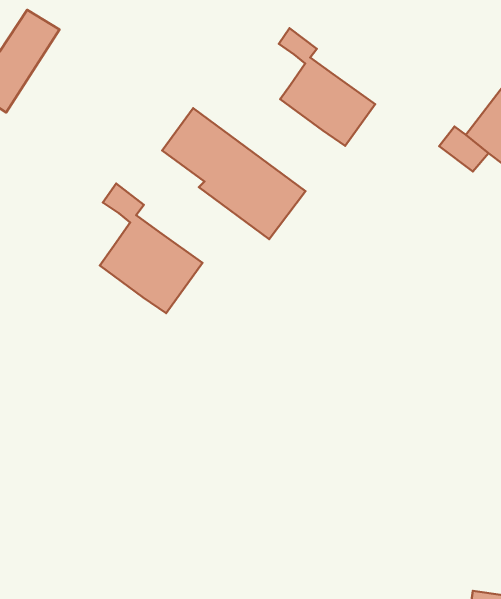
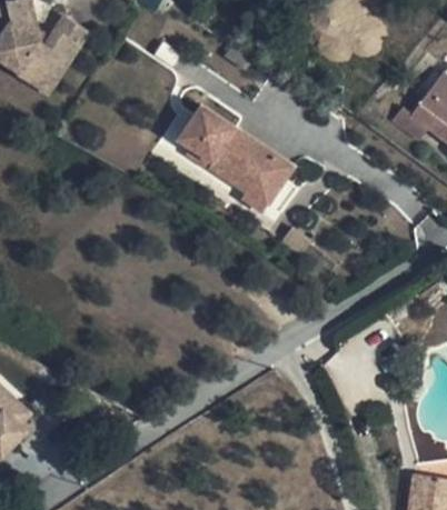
building: [279,28,375,146] -> none
building: [100,183,202,313] -> none

